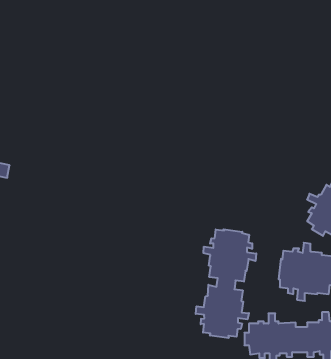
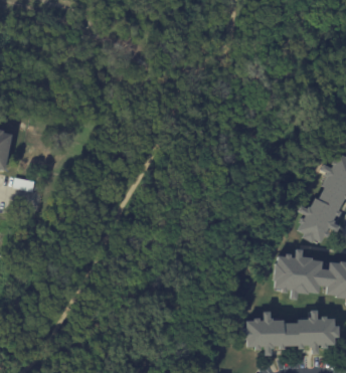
building: [196,229,256,338] -> none

